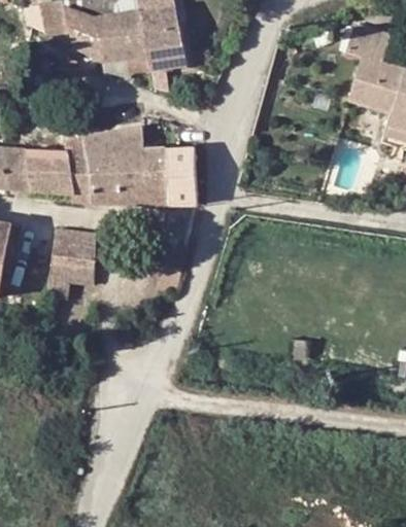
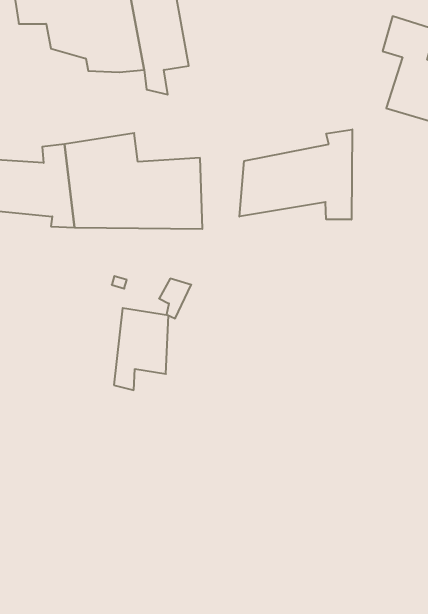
building: none -> [239,129,352,220]
building: [50,230,96,297] -> [114,308,168,390]

